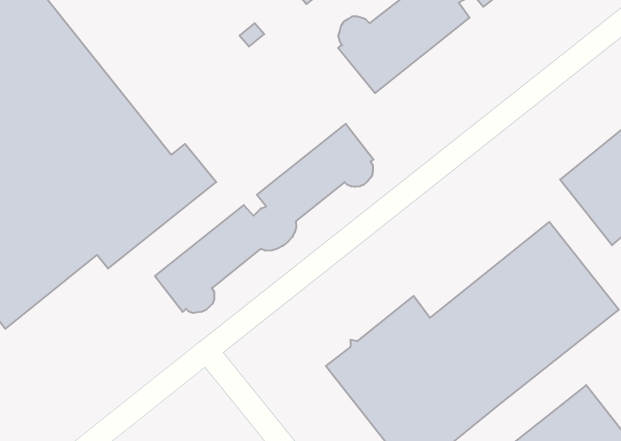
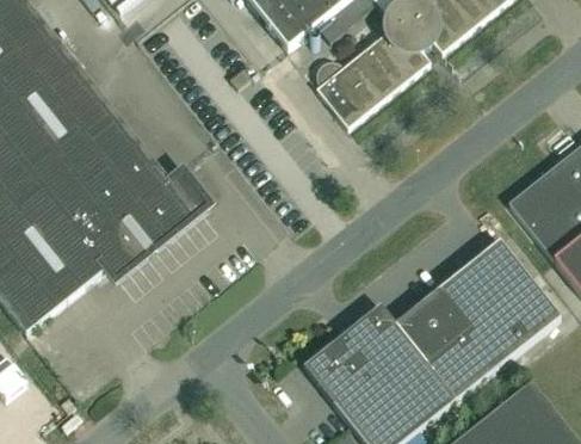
building: [155,124,374,313] -> none

